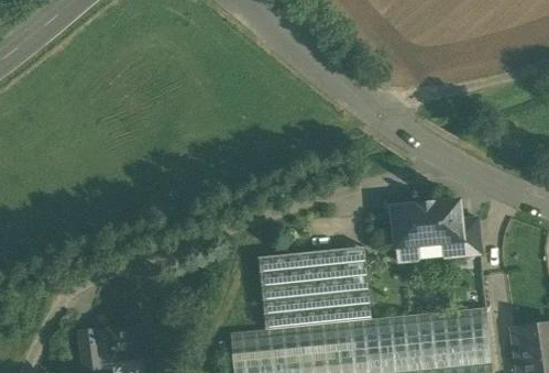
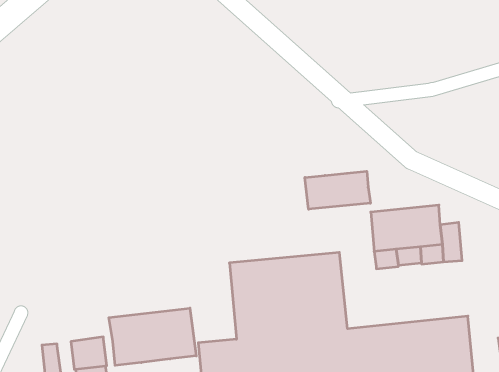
building: none -> [305,171,370,209]
building: none -> [109,308,196,365]

